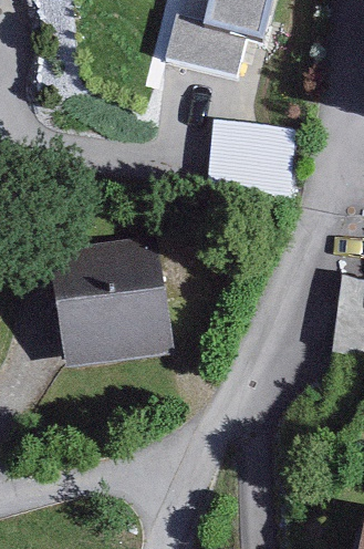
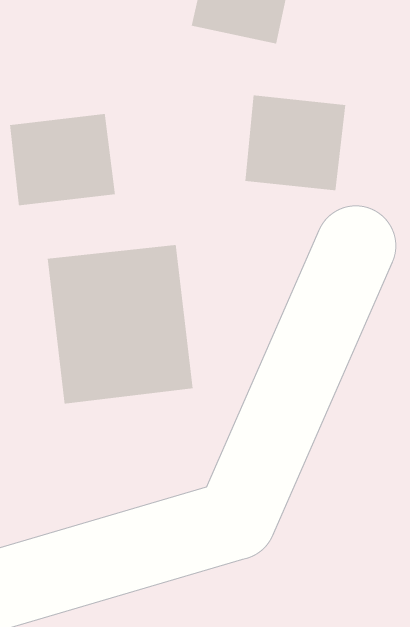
building: none -> [10,113,115,206]

